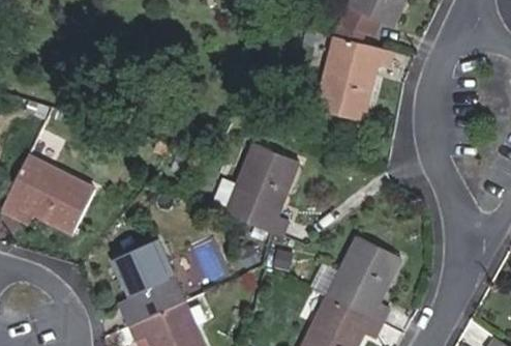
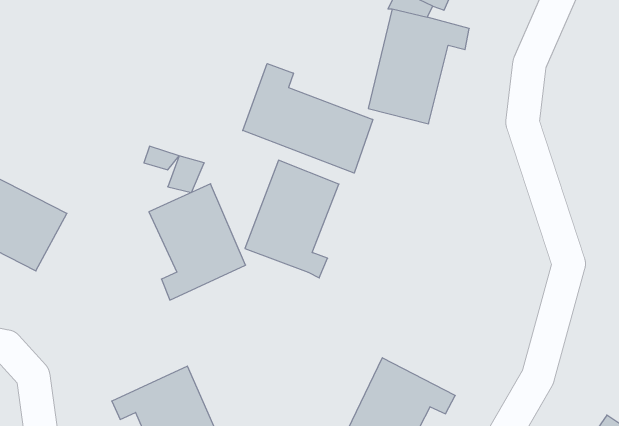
building: none -> [243,64,373,173]
building: [328,236,399,322] -> none
building: [113,240,184,326] -> [149,184,246,300]

